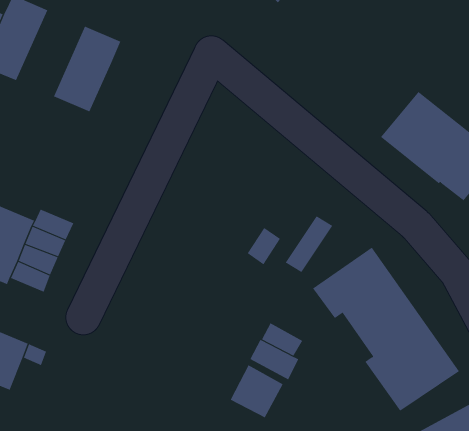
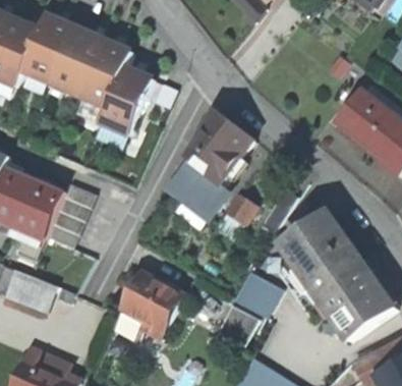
building: none -> [49,26,102,94]
building: none -> [99,67,152,134]
building: none -> [166,108,251,208]
building: none -> [117,272,181,337]

